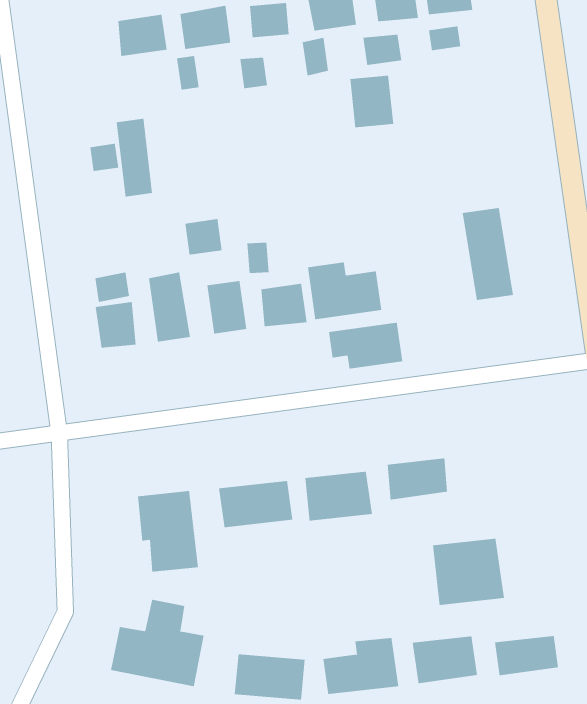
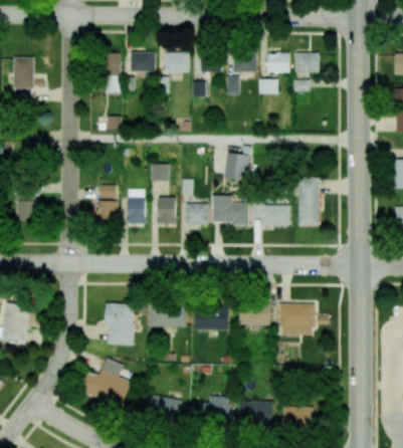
building: [349,75,394,128] -> [225,154,247,181]
building: [116,118,153,197] -> [105,53,121,93]
building: [328,322,403,369] -> [252,205,289,226]
building: [432,538,505,606] -> [278,303,314,337]

